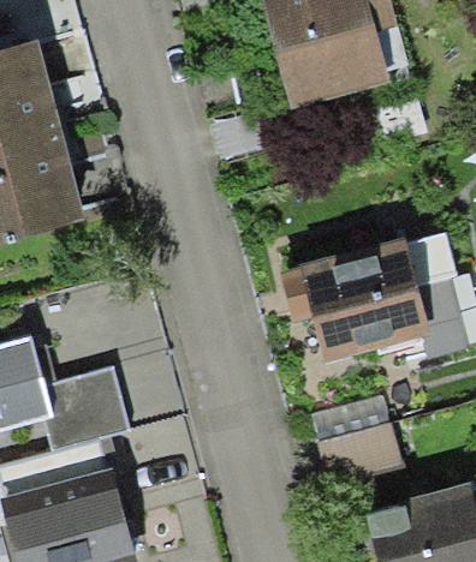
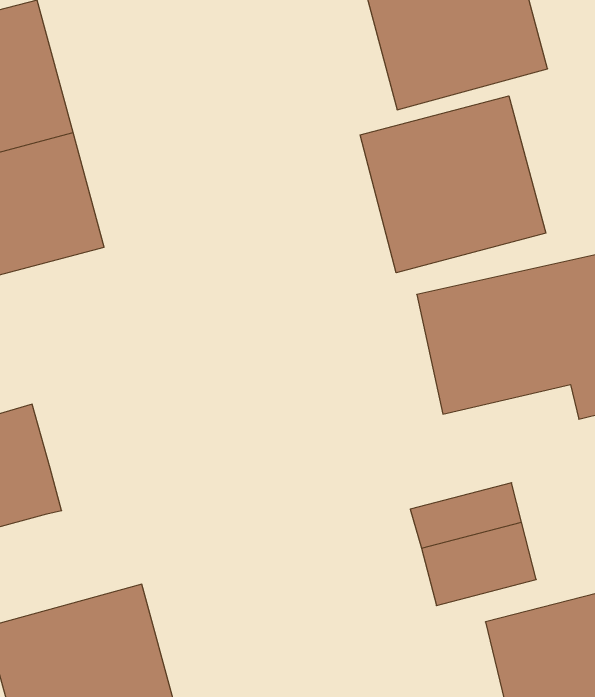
building: none -> [360,96,546,273]
building: [41,367,126,452] -> none

